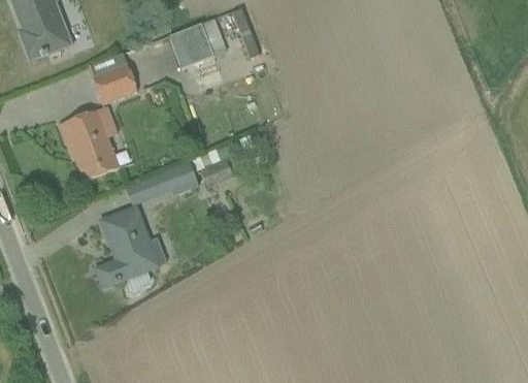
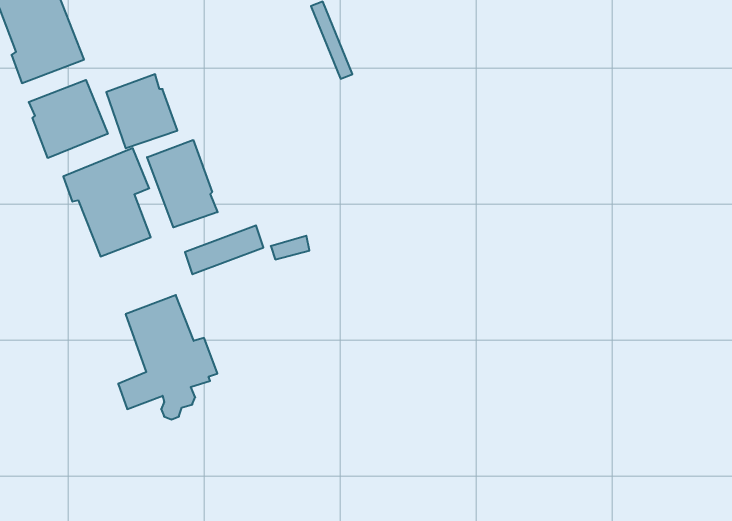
building: [167,18,226,68] -> none
building: none -> [29,80,108,158]
building: none -> [147,140,218,227]

